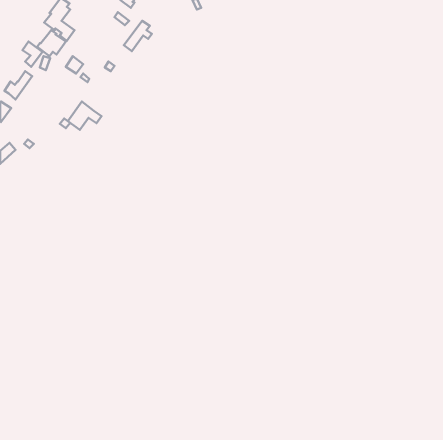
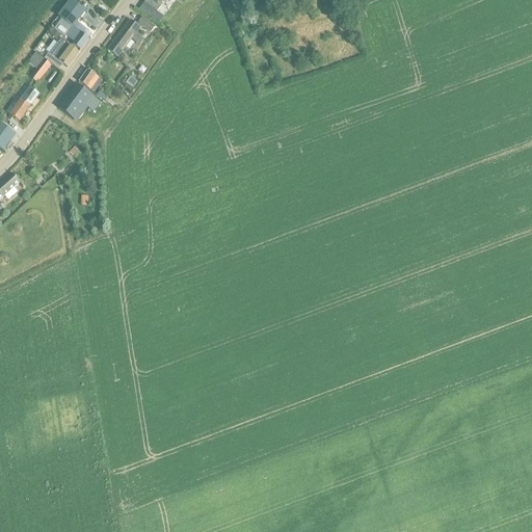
building: [124,21,152,51] -> [108,19,141,55]
building: [68,101,102,130] -> [59,83,100,117]

